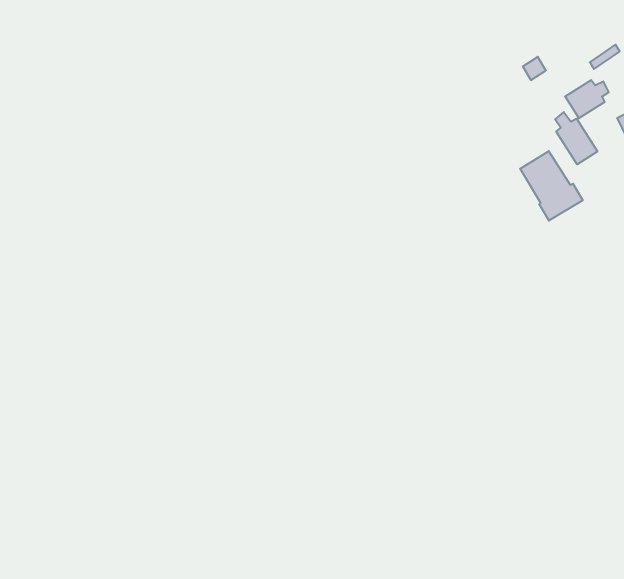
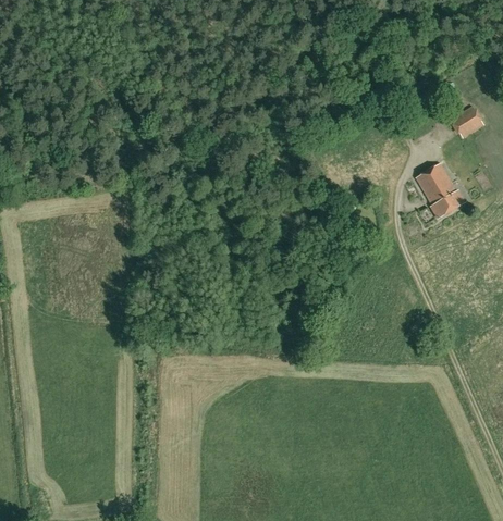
building: [555,112,597,164] -> none

